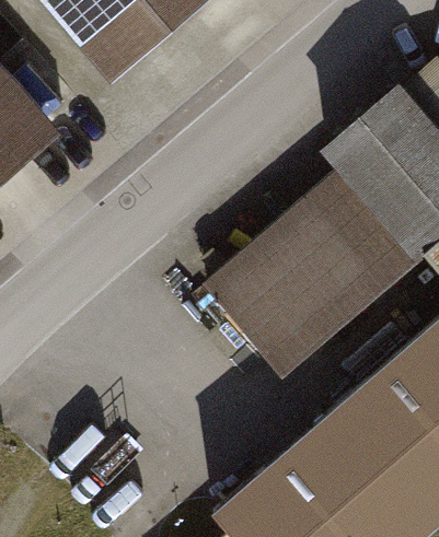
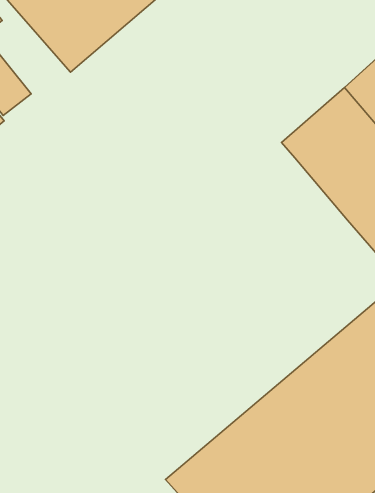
building: [210,173,406,358] -> none

